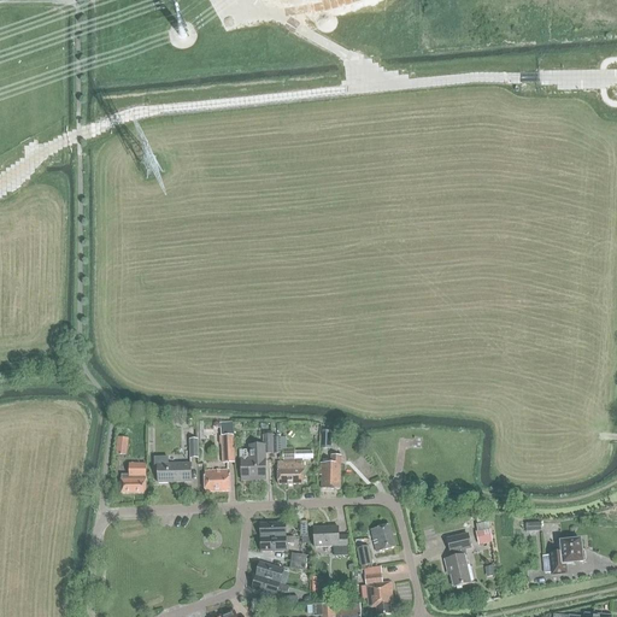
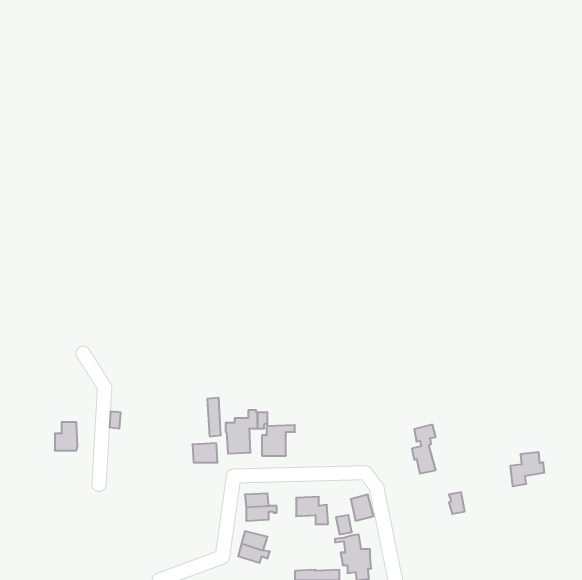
building: [319,454,340,488] -> none
building: [154,456,190,481] -> none
building: [121,462,145,492] -> [55,422,78,451]
building: [445,533,470,584] -> [412,425,436,474]
building: [550,537,586,574] -> [510,452,544,486]

